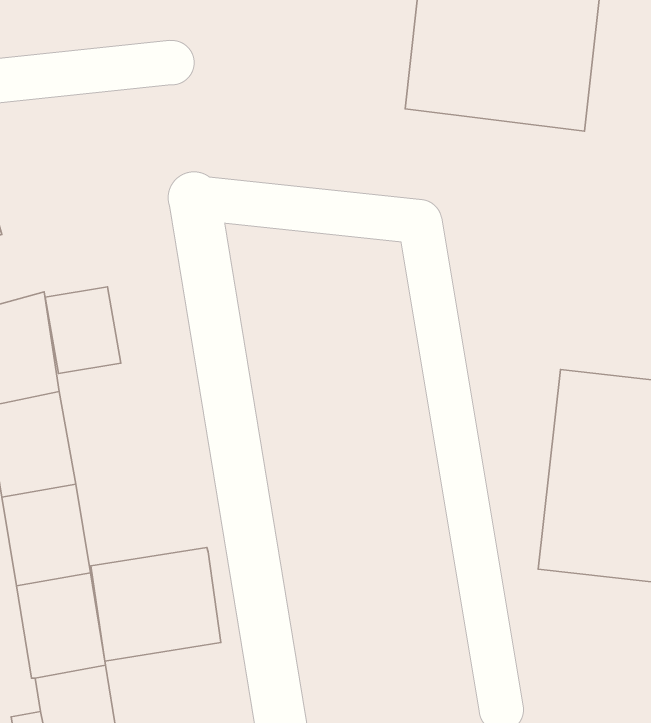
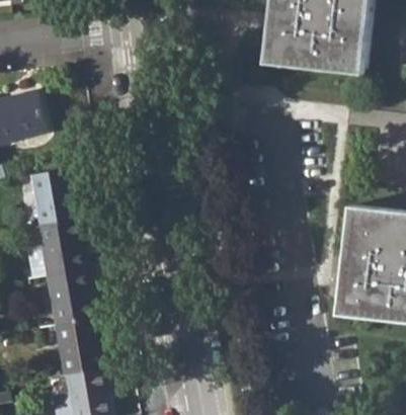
building: [45,287,121,374] -> none
building: [91,547,221,661] -> none

